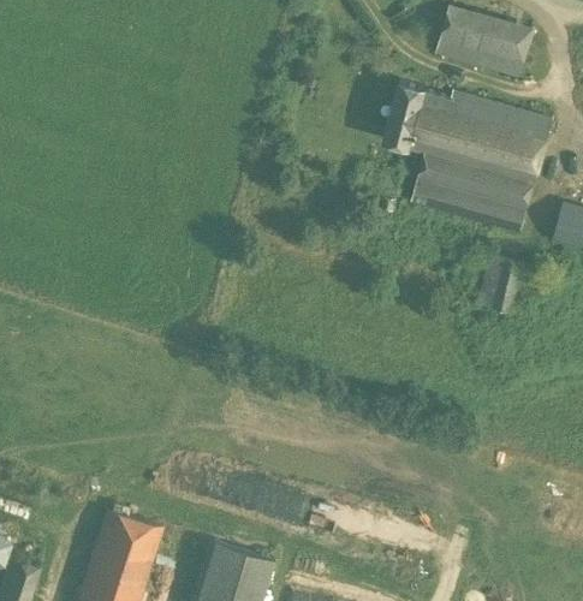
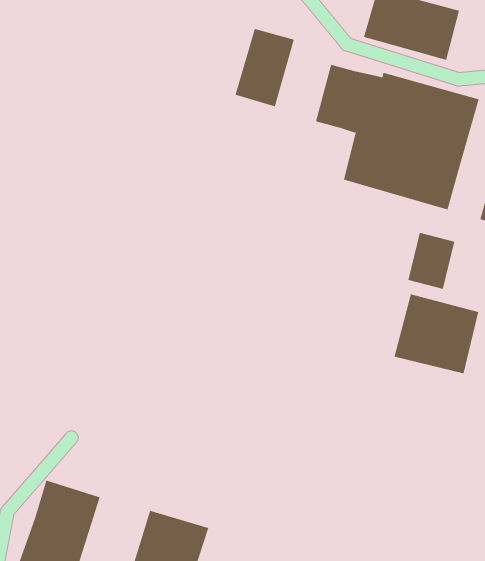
building: none -> [235,28,294,107]
building: none -> [394,294,479,374]

